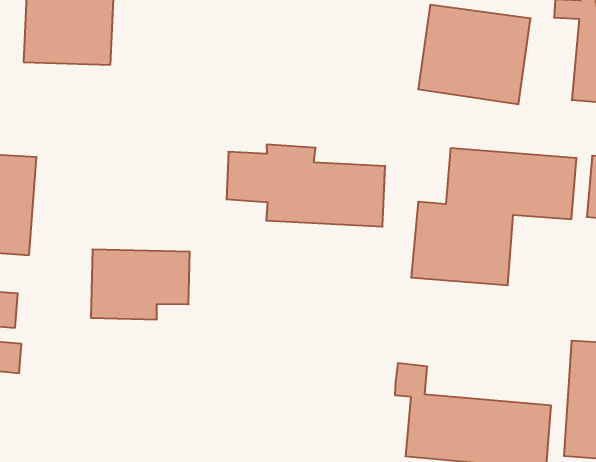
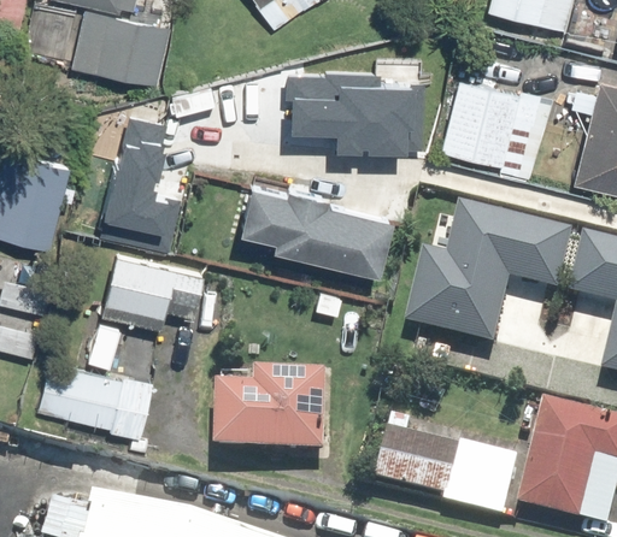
building: none -> [277,64,419,148]
building: none -> [92,108,178,248]
building: none -> [216,368,327,453]
building: none -> [31,350,157,437]

